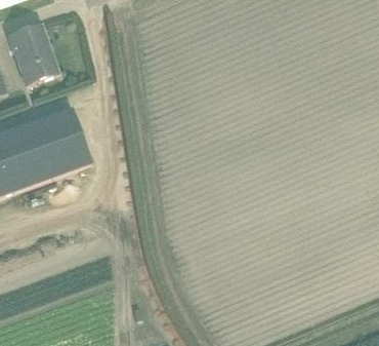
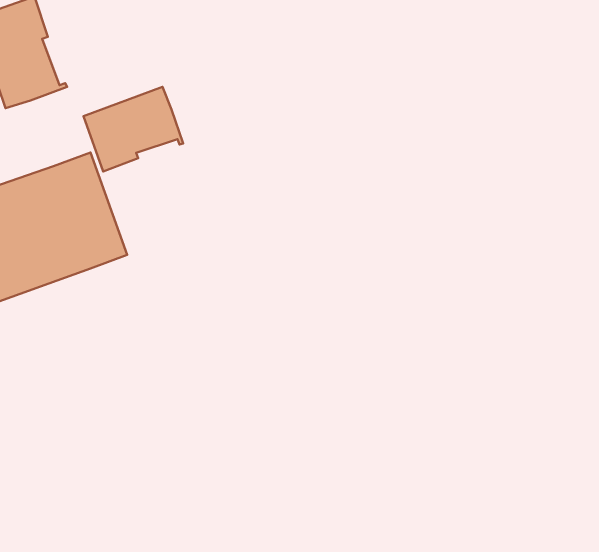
building: none -> [83,87,183,171]

